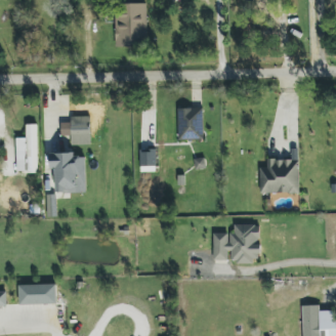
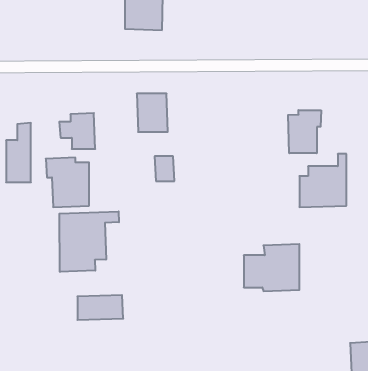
building: [177,108,203,139] -> [137,94,168,132]
building: none -> [288,110,321,153]
building: none -> [59,211,119,272]
building: [18,284,56,304] -> [77,295,123,320]

